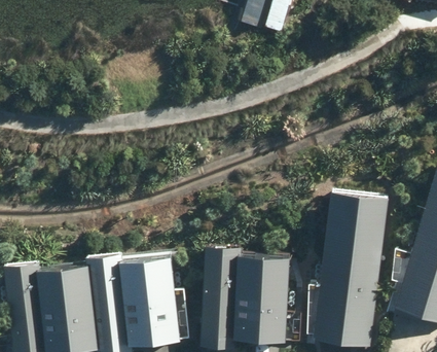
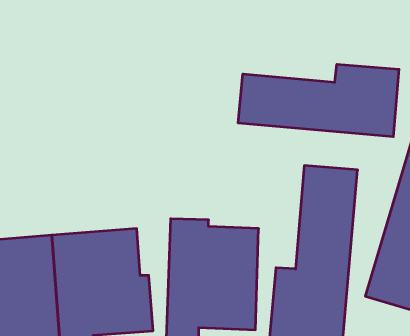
building: none -> [238,64,399,137]

